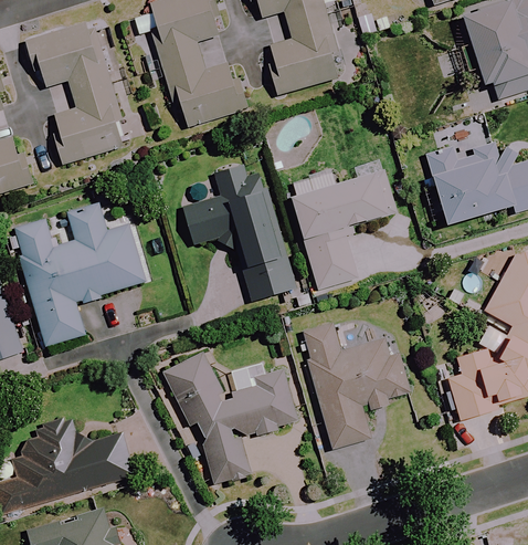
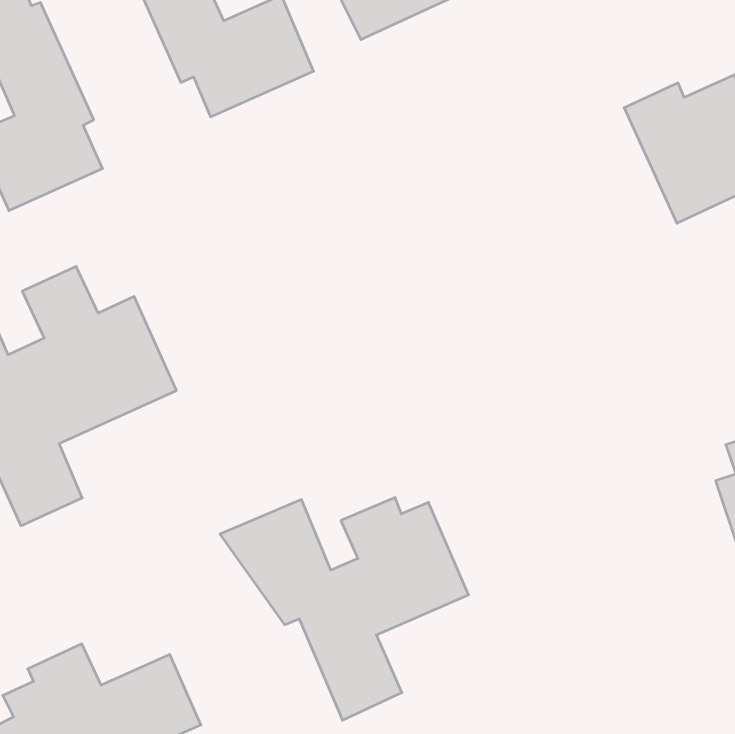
building: [183,161,293,301] -> none
building: [292,170,393,289] -> none
building: [300,321,403,448] -> none

